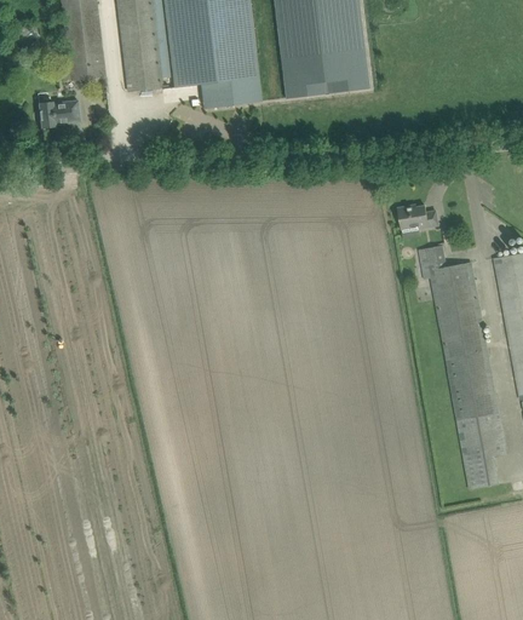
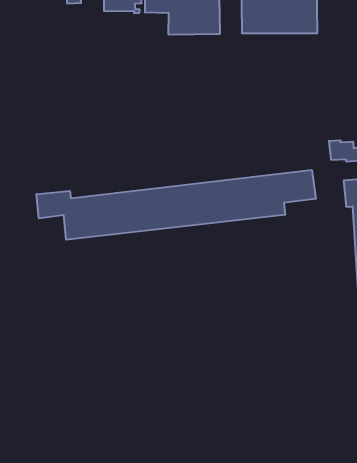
building: [39,99,80,127] -> none
building: none -> [36,170,316,240]

